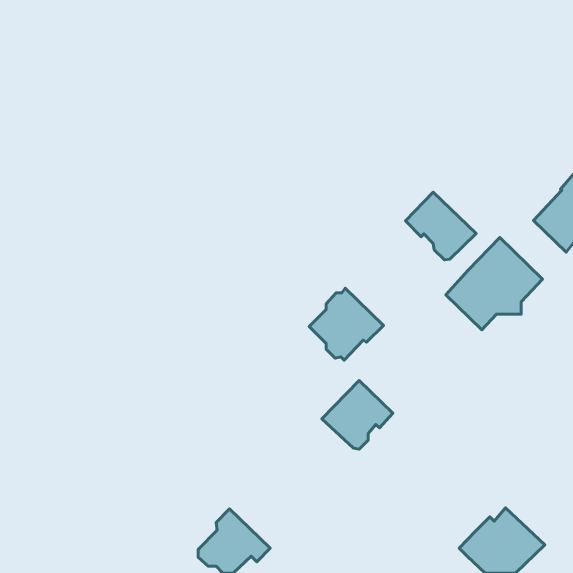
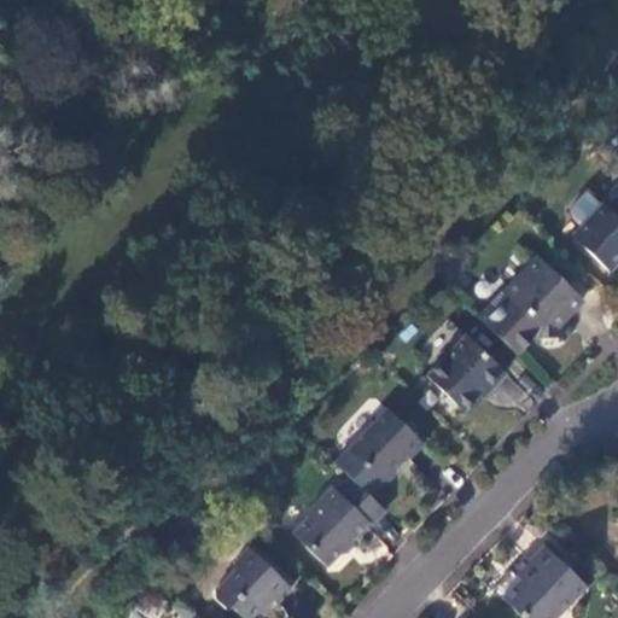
building: [405,192,476,260] -> none
building: [309,288,383,360] -> [427,333,507,410]
building: none -> [293,477,386,565]

